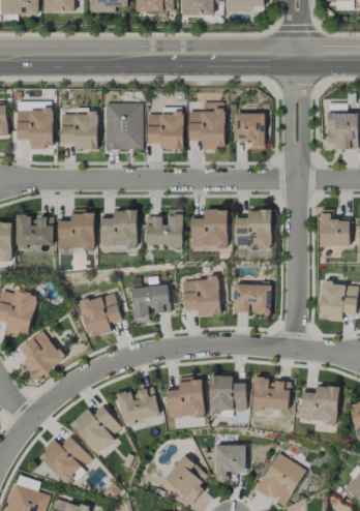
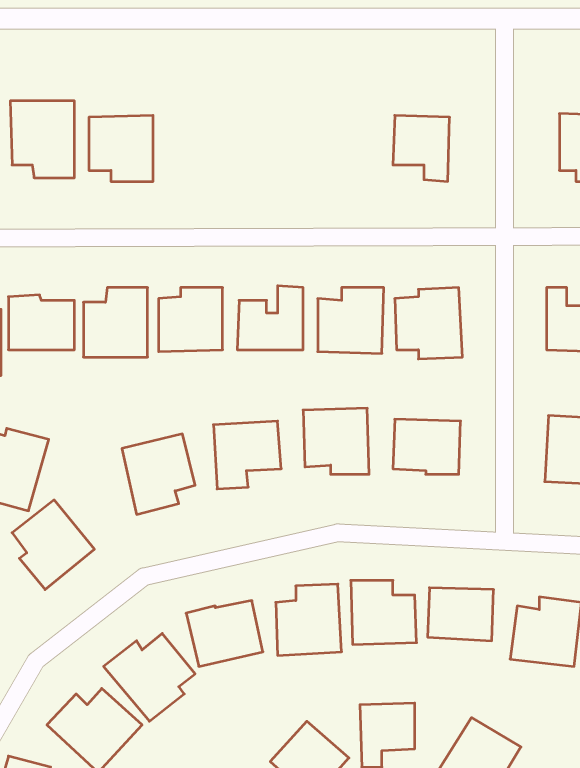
building: [104,102,143,150] -> none
building: [188,102,224,149] -> none
building: [147,113,183,150] -> none

